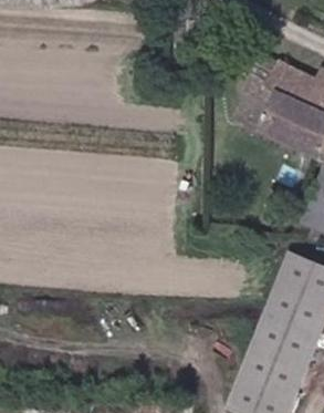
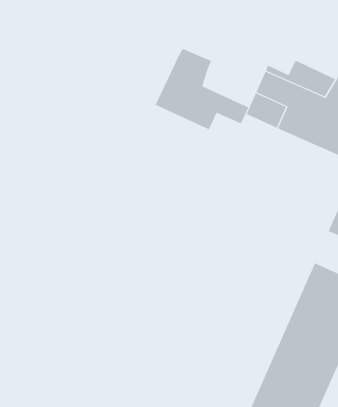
building: none -> [155,48,249,130]

